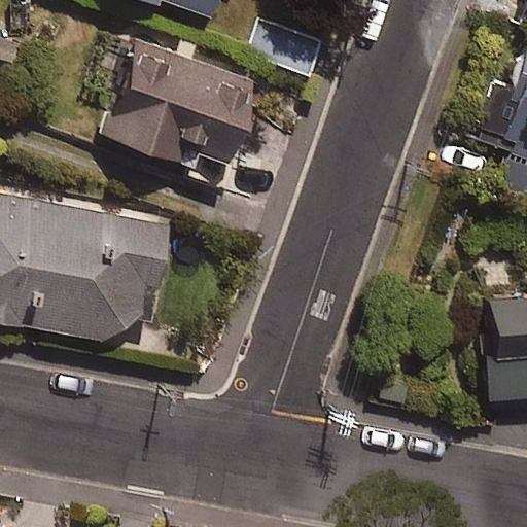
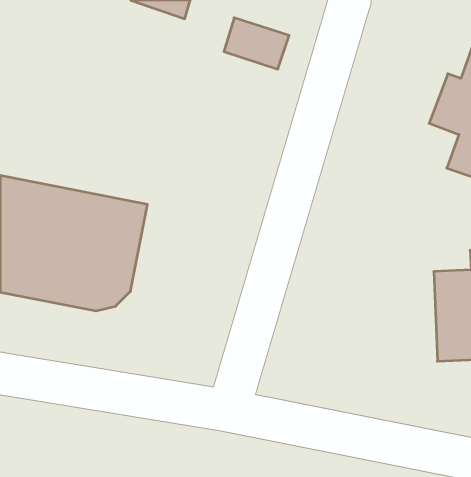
building: [104,40,256,168] -> none

